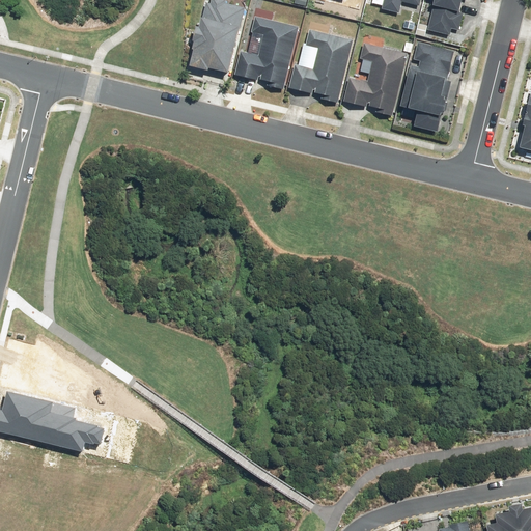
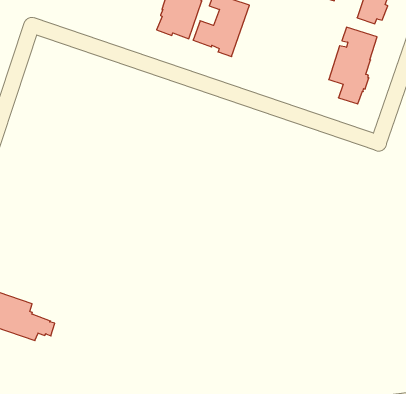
building: [287,28,352,102] -> none
building: [342,41,407,115] -> none

